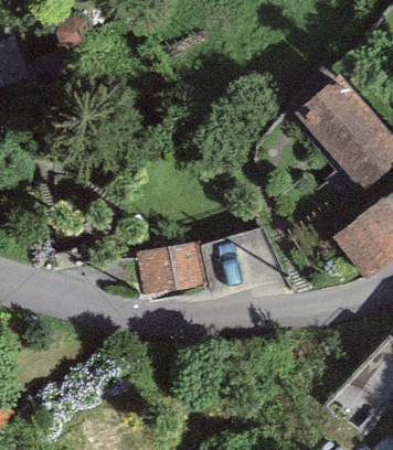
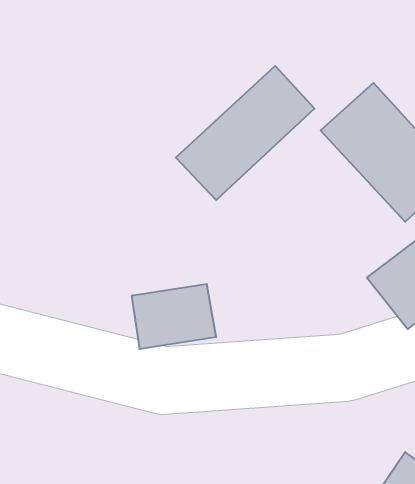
building: none -> [176,66,315,200]

